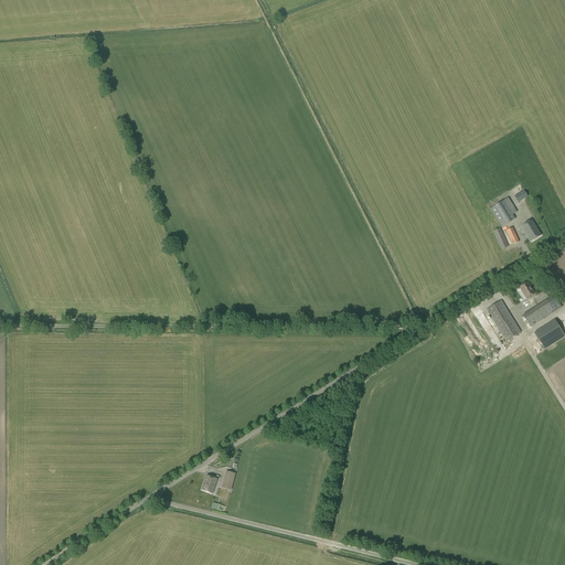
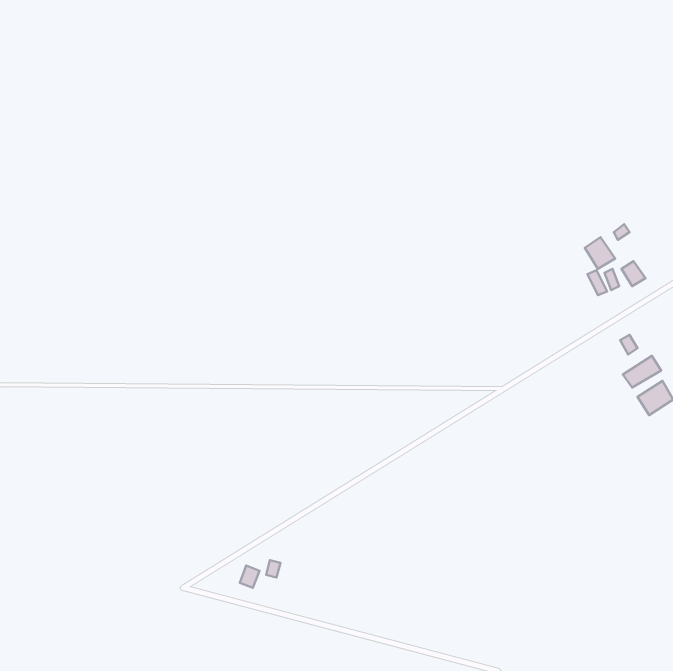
building: [486,298,521,340] -> none

